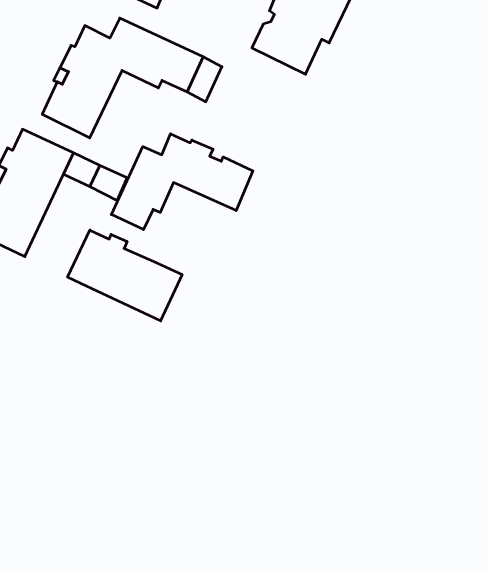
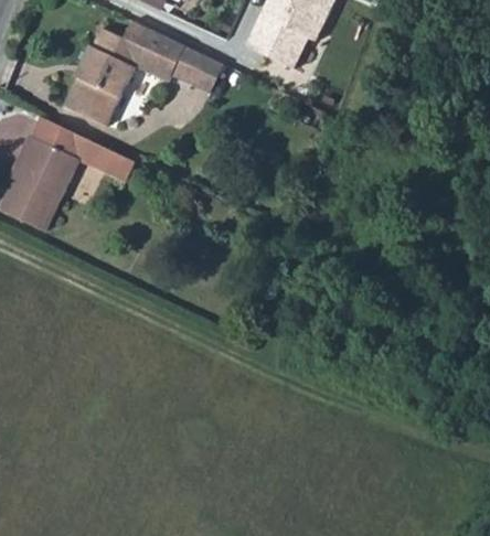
building: [111,134,253,230] -> none
building: [68,230,182,321] -> none

